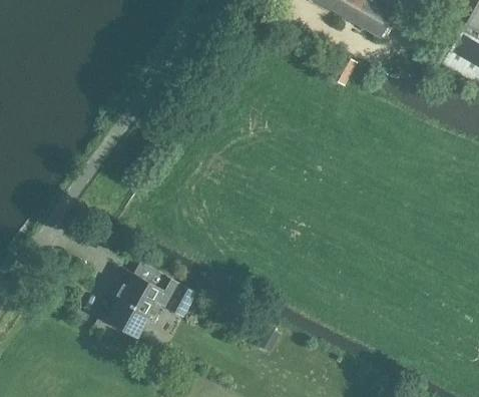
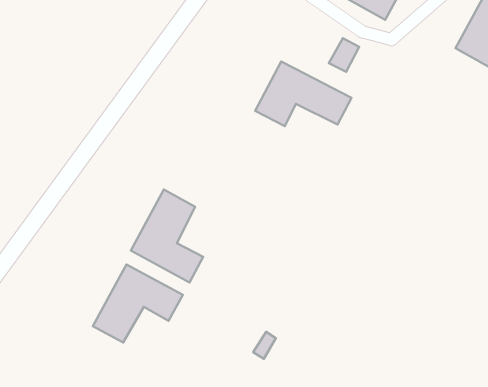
building: none -> [255,61,352,126]
building: none -> [131,189,203,283]

